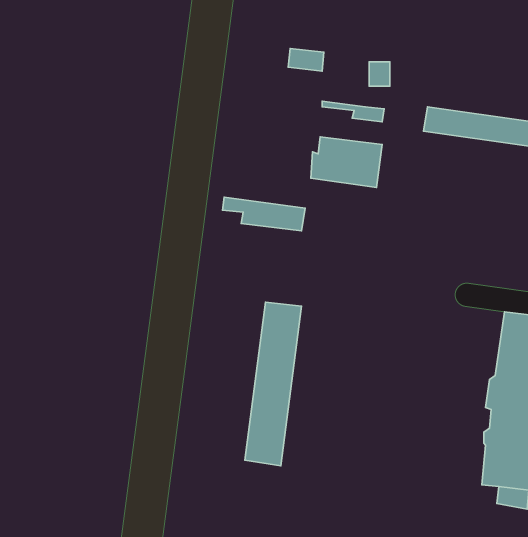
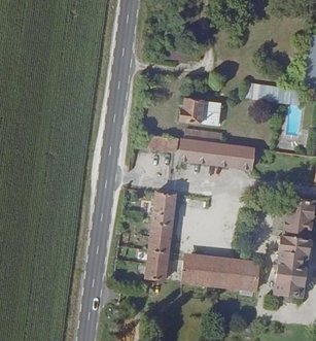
building: none -> [181,132,262,173]
building: none -> [183,258,259,293]

